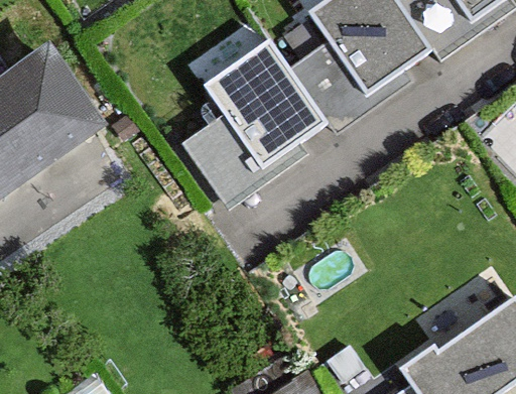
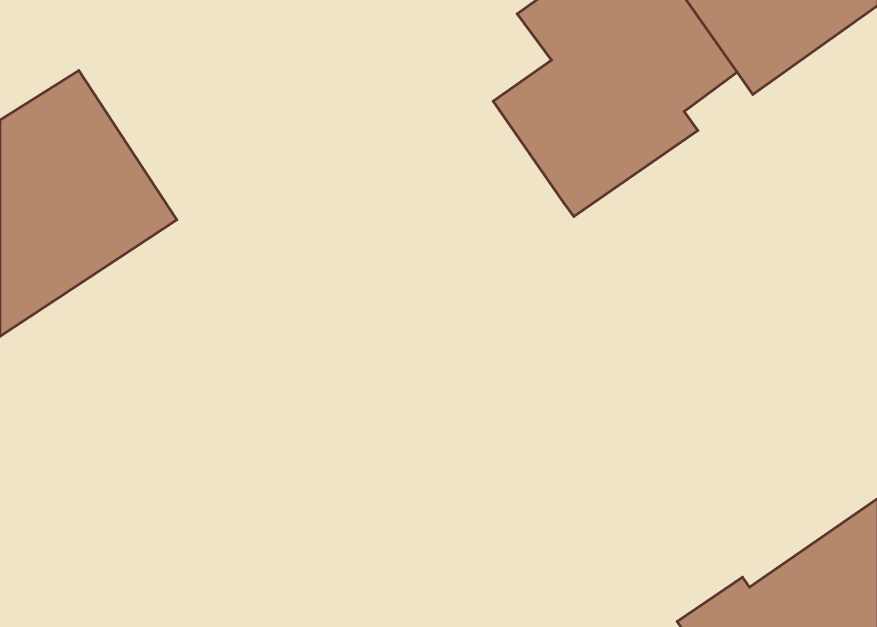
building: [178,32,331,210] -> none

